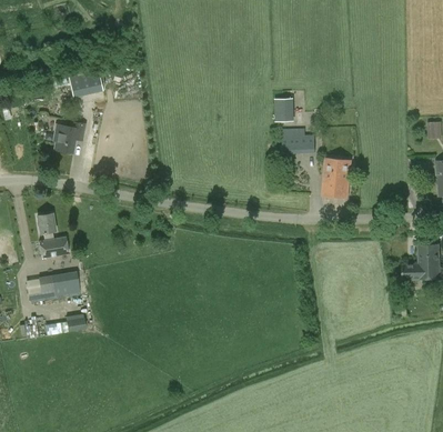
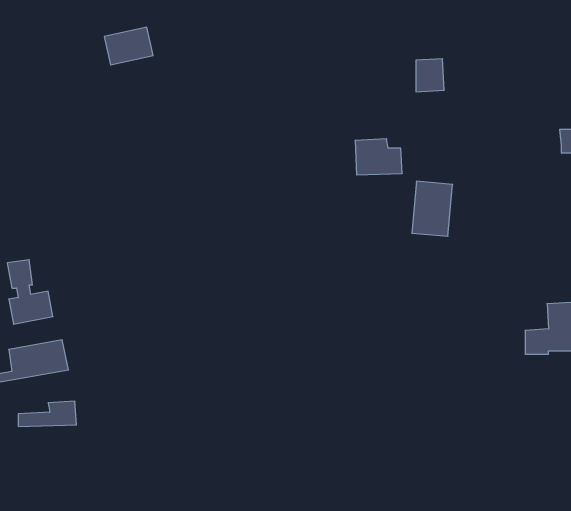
building: [68,70,102,97] -> [104,27,153,65]
building: [274,98,294,121] -> [416,59,444,92]
building: [54,122,84,152] -> none

